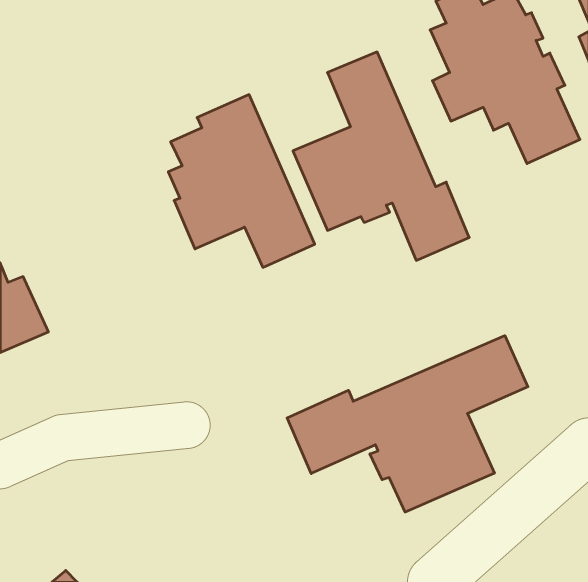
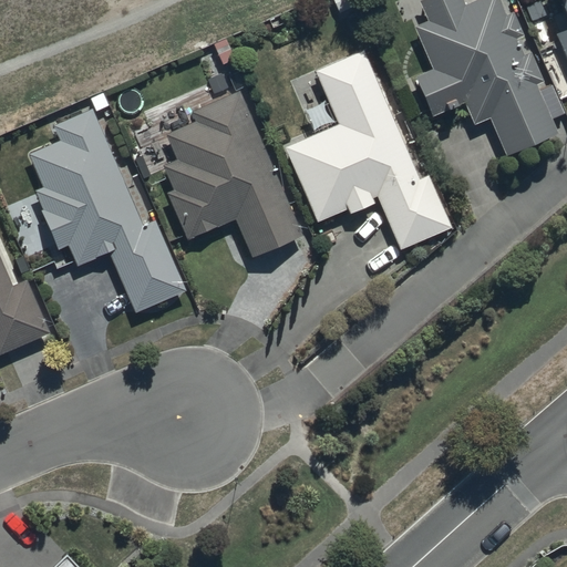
building: none -> [29,107,186,313]
building: [287,336,528,512] -> none

